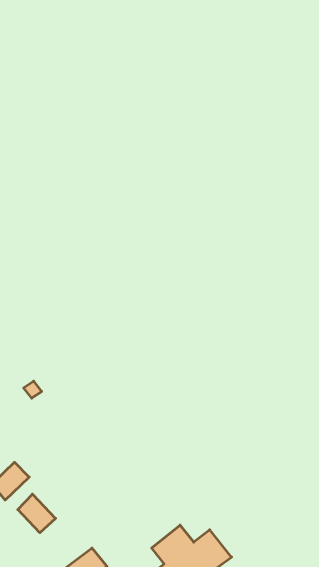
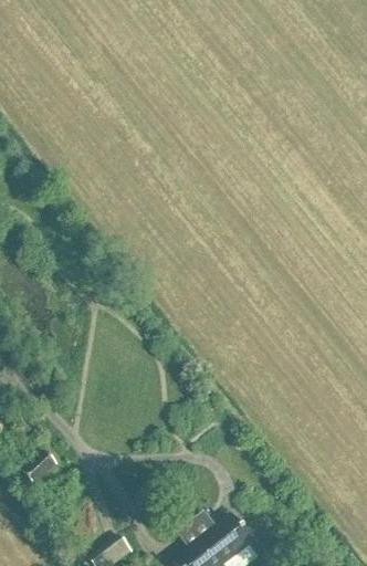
building: [18,494,56,533] -> none

